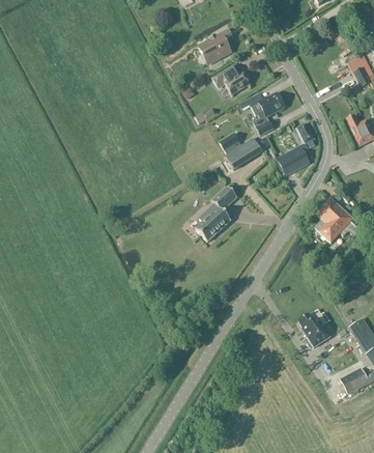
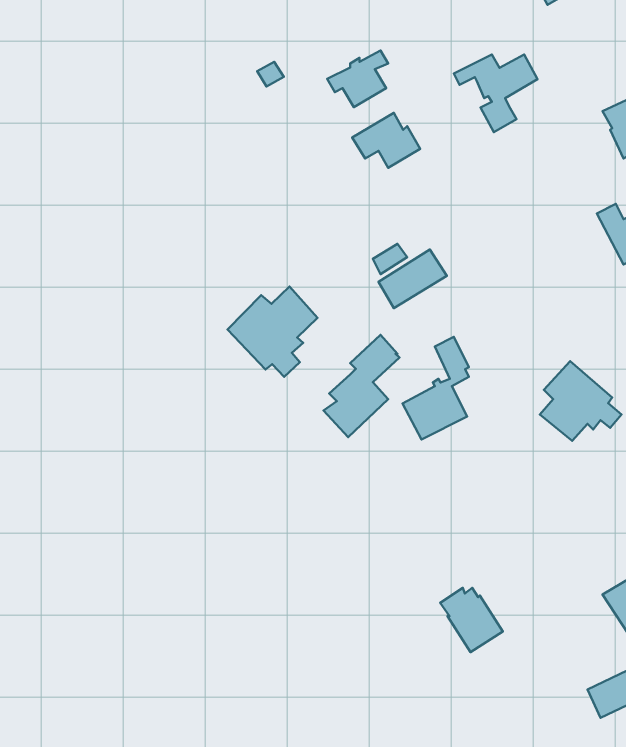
building: [239,92,285,135] -> [454,55,537,132]
building: [279,122,315,178] -> [403,337,469,439]
building: none -> [227,287,317,377]
building: [297,312,332,347] -> [440,588,503,652]

